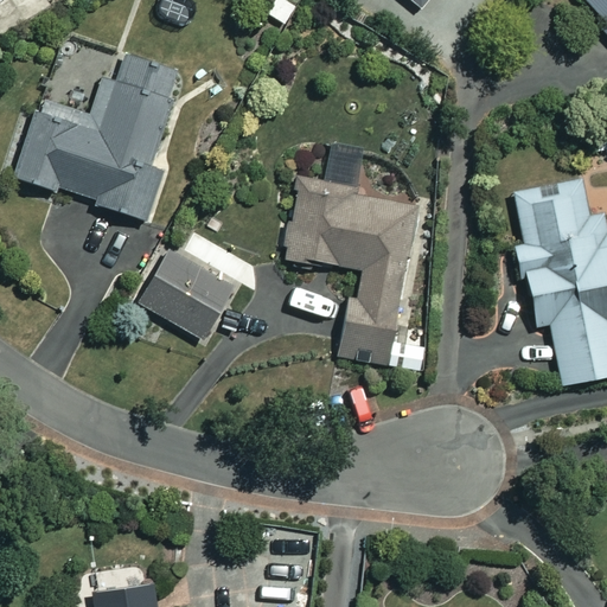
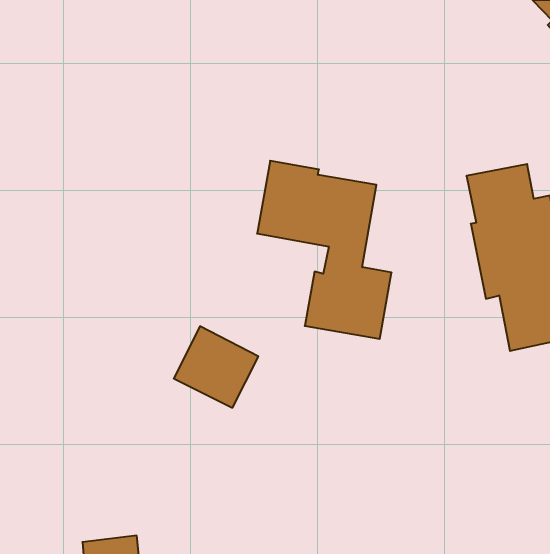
building: [14,57,178,219] -> none
building: [139,248,231,337] -> [174,326,258,408]

